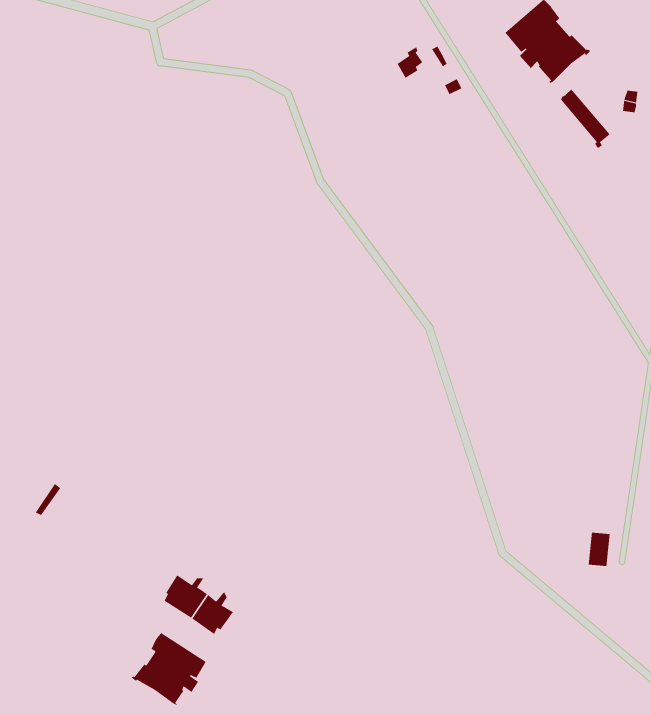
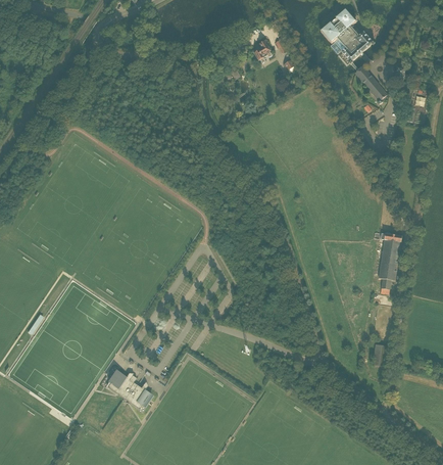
building: none -> [378,231,401,292]
building: [130,632,207,706] -> none

